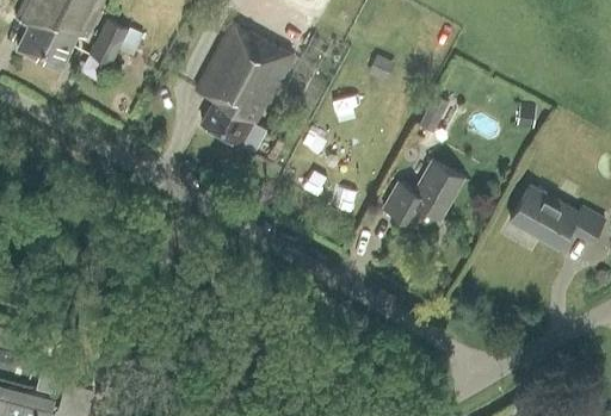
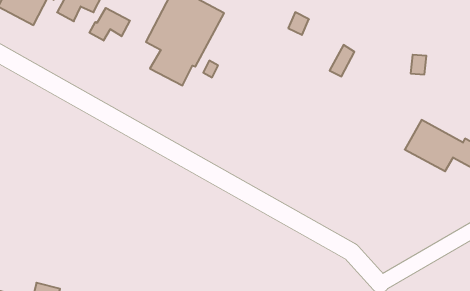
building: none -> [89,8,130,41]
building: [382,159,463,226] -> none

